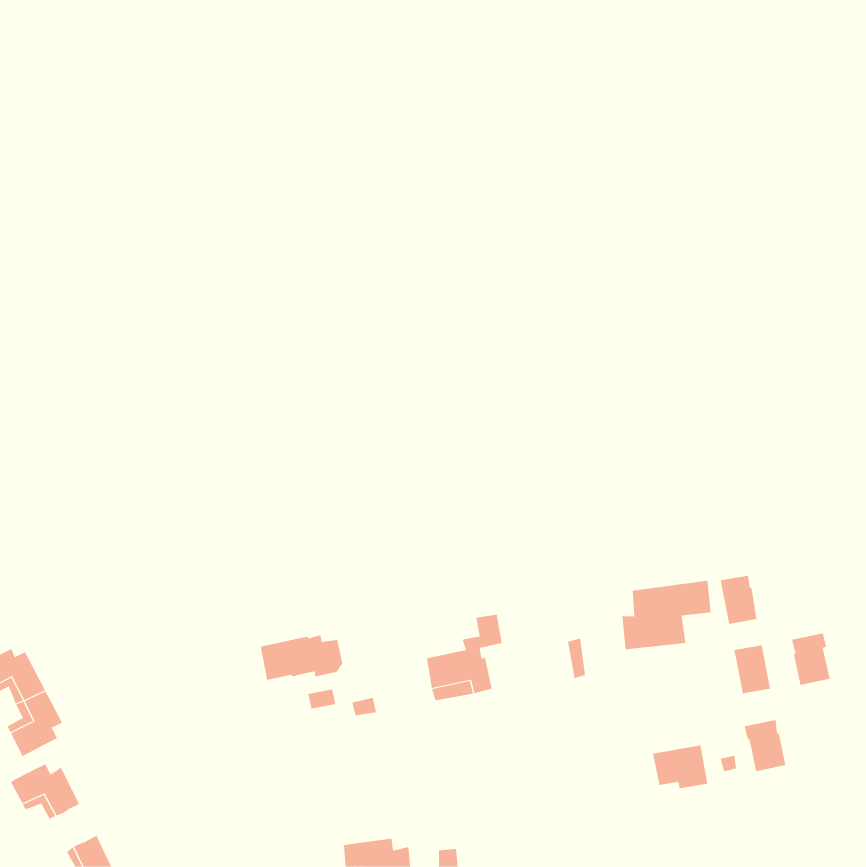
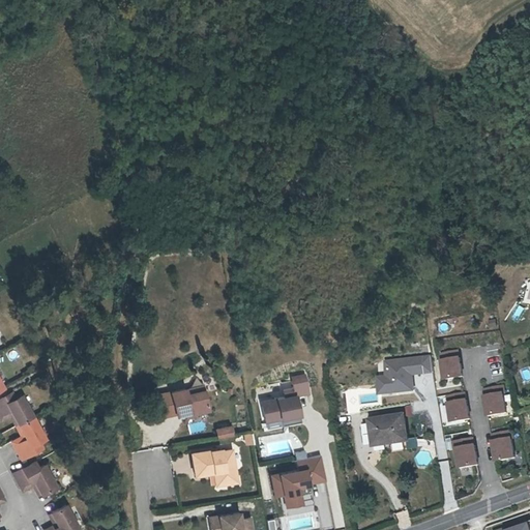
building: none -> [492,433,514,464]
building: none -> [192,448,237,483]
building: none -> [269,454,325,507]
building: [652,745,708,789] -> [372,415,406,442]

